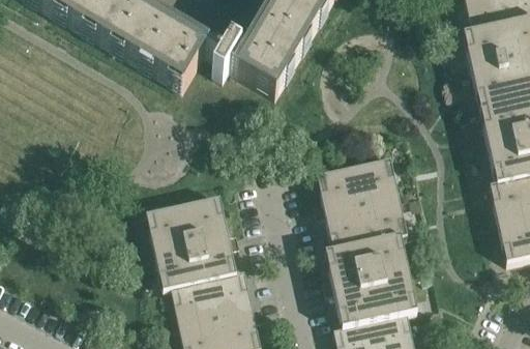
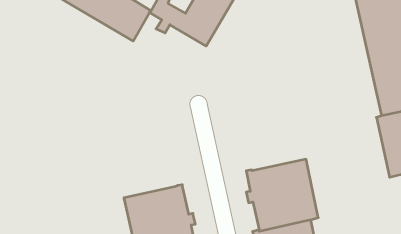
building: [316,155,406,248] -> none
building: [145,193,235,285] -> none

